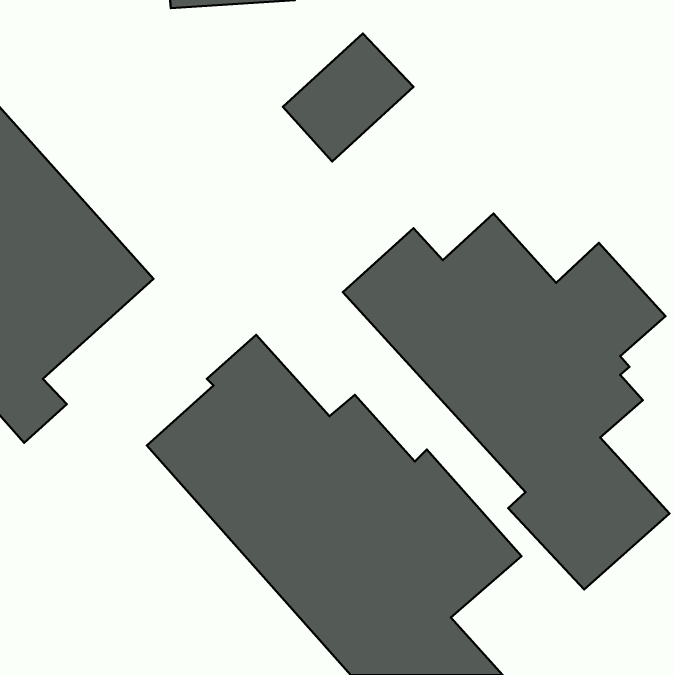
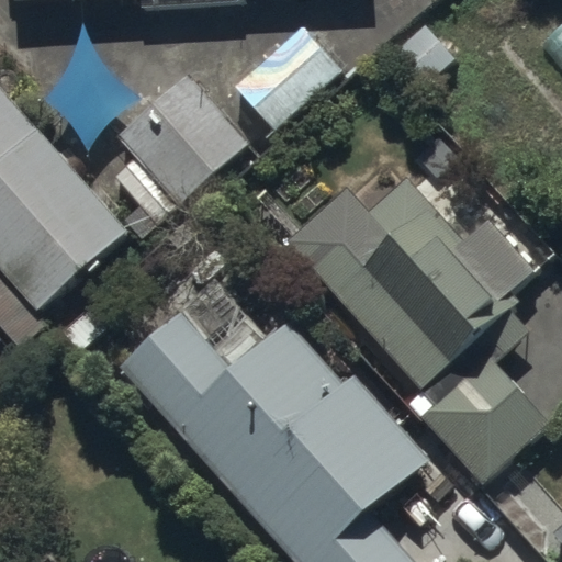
building: none -> [112,71,246,215]

